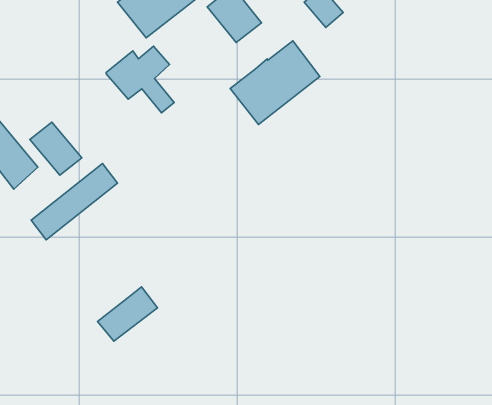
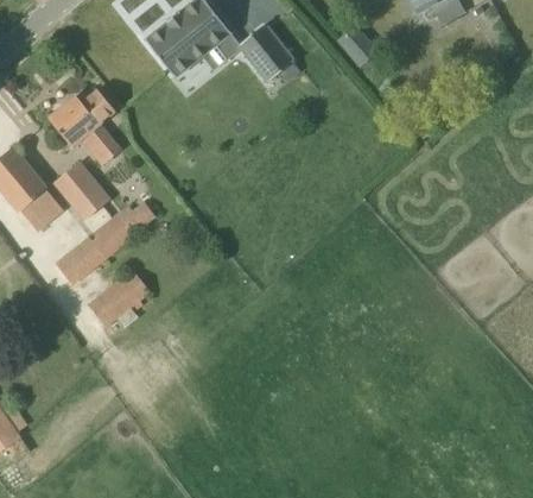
building: [230,41,320,124] -> none
building: [106,46,174,113] -> [49,90,119,159]
building: [98,287,158,341] -> [88,270,150,326]

